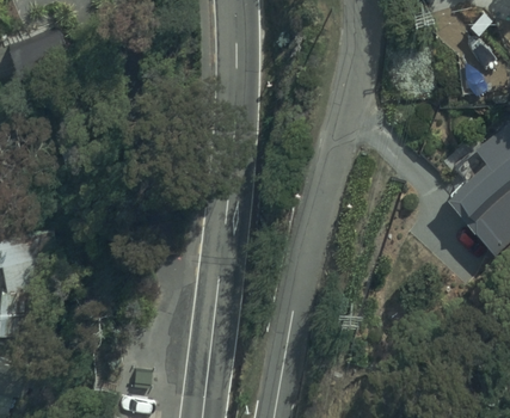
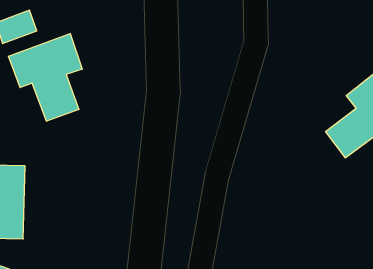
building: none -> [8,34,82,121]

